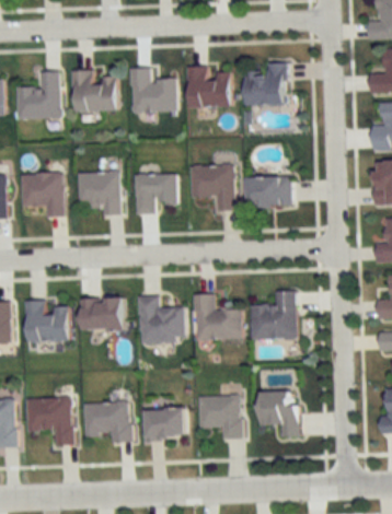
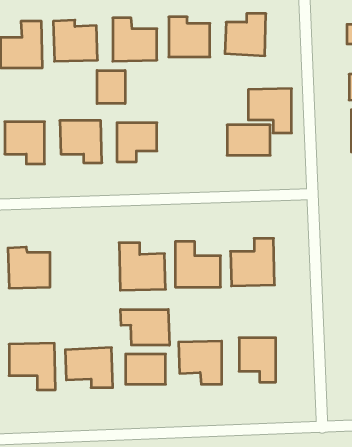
building: none -> [97,70,125,104]
building: [191,164,234,209] -> [248,89,292,133]
building: [80,297,122,331] -> none
building: none -> [121,309,169,345]

